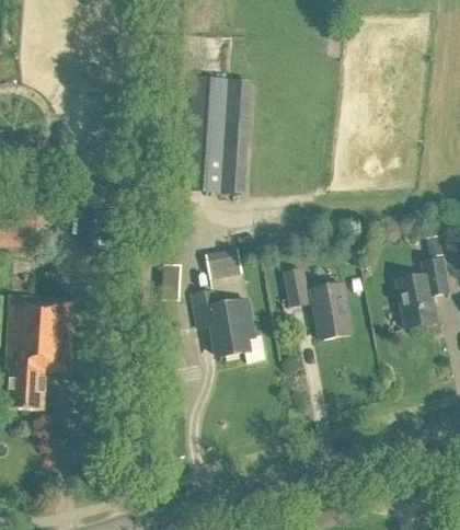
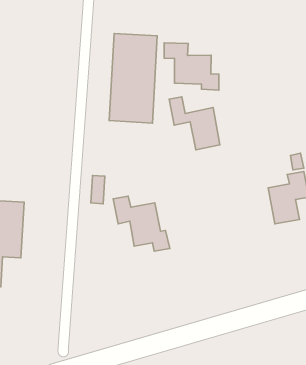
building: none -> [164,43,219,90]
building: [205,254,240,279] -> none
building: [285,268,352,338] -> [169,97,220,150]

